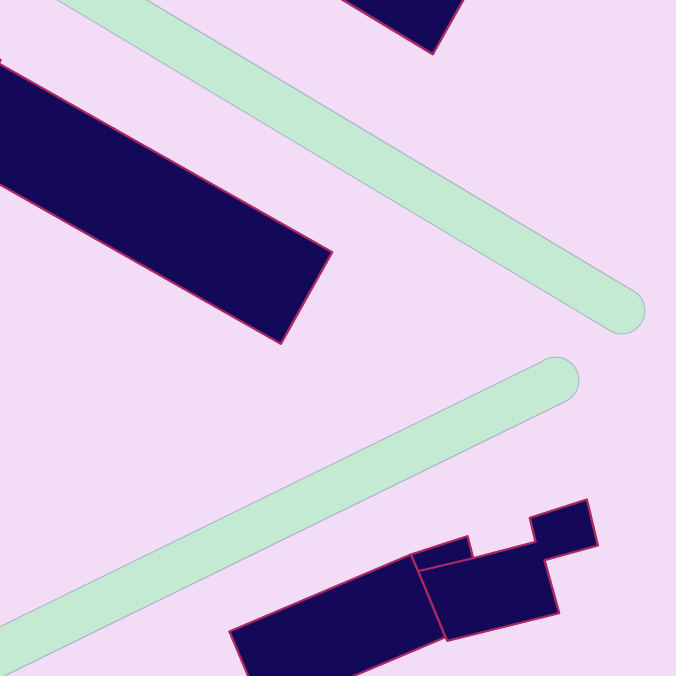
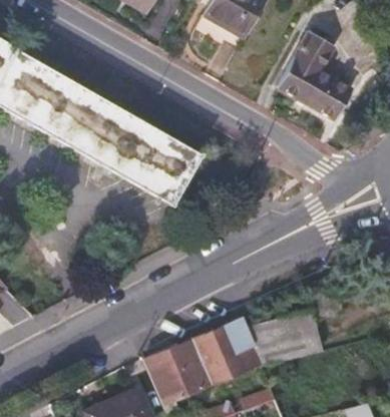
building: none -> [277,33,349,116]

